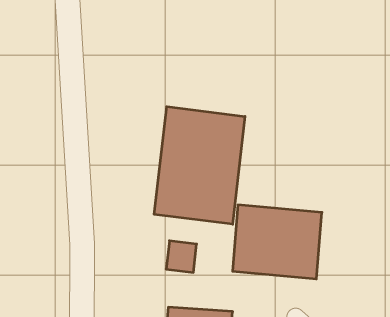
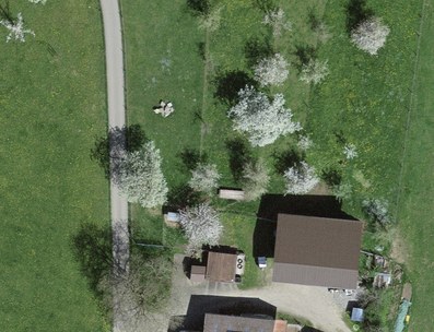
building: [154,107,245,224] -> none

